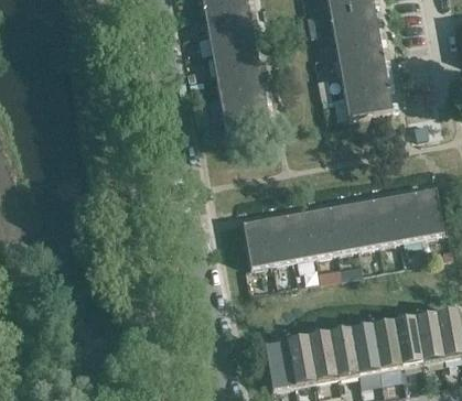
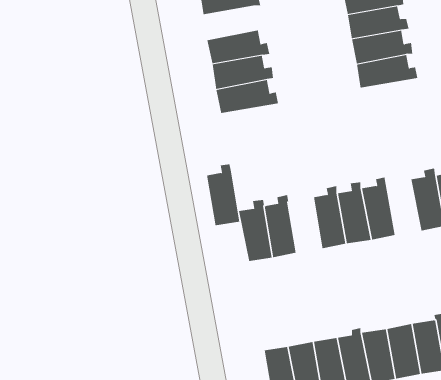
building: [211,44,265,74] -> none
building: [370,189,400,243] -> none
building: [284,205,314,259] -> [206,164,240,226]

